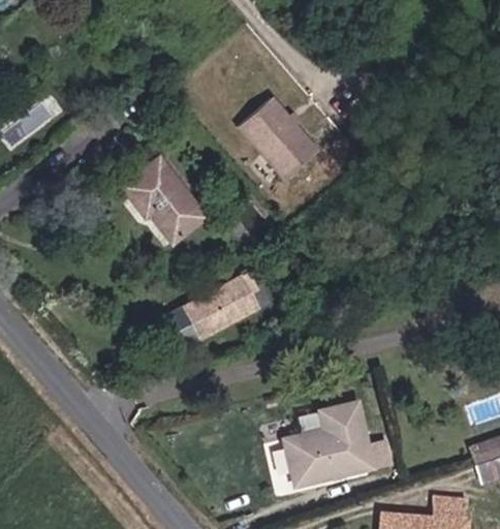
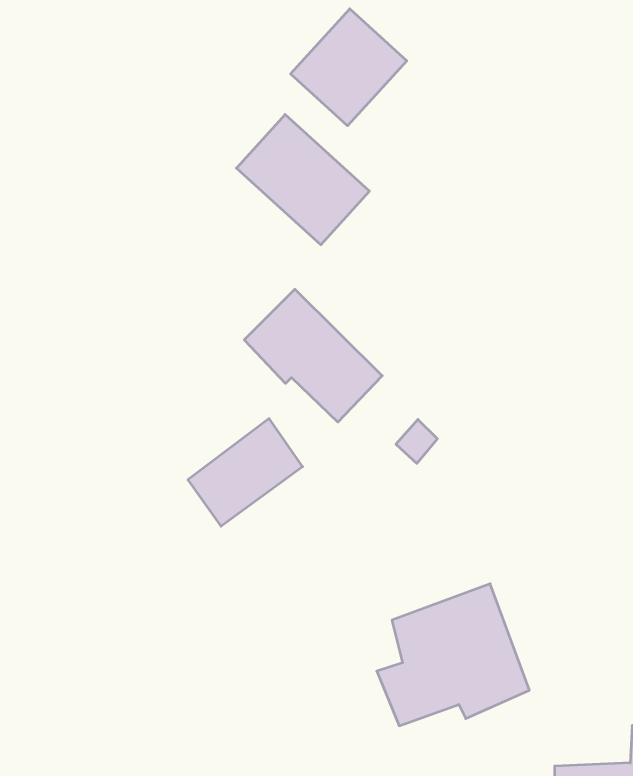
building: none -> [291,9,407,126]
building: [120,161,201,246] -> [244,289,382,422]

